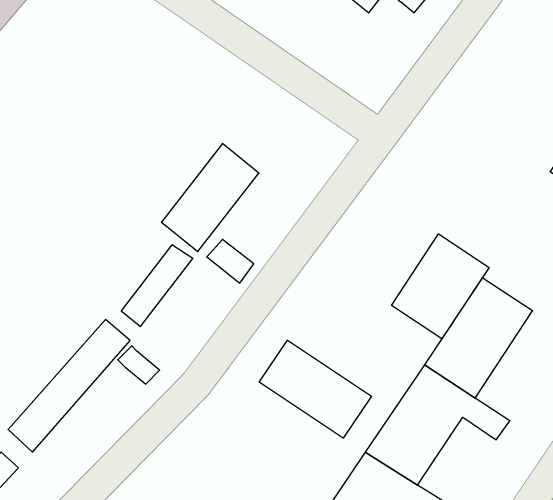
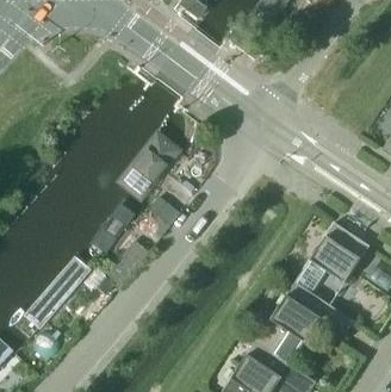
building: [392,234,489,339] -> none
building: [259,340,371,438] -> none

